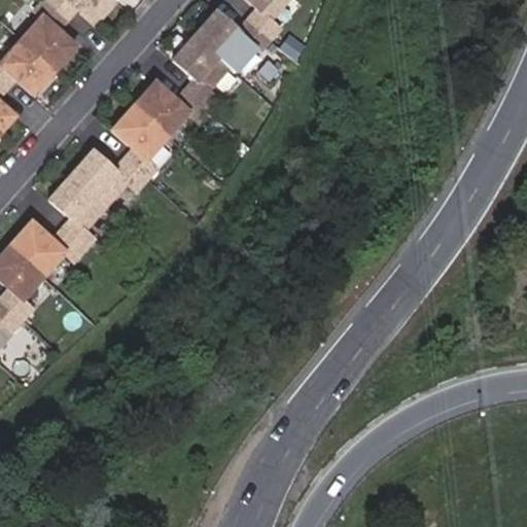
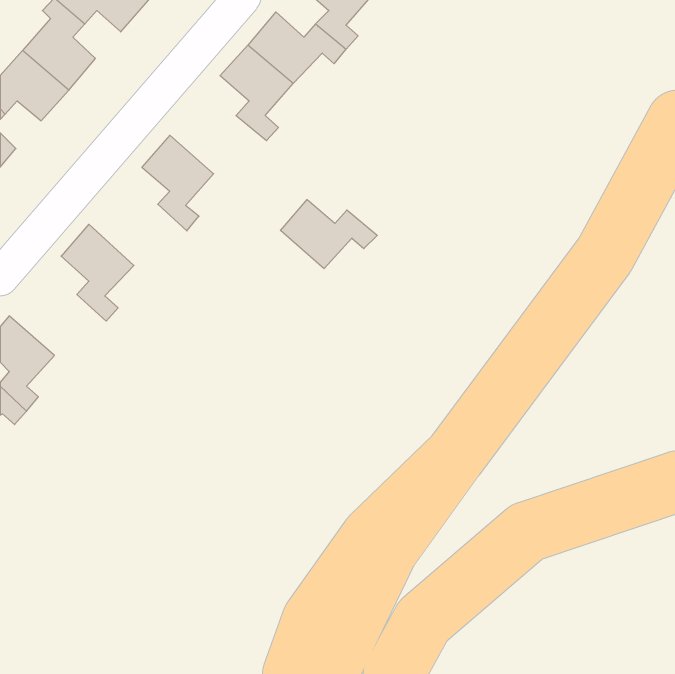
building: [134,81,209,135] -> [280,200,377,269]
building: [71,149,147,206] -> none
building: [9,220,84,276] -> none

